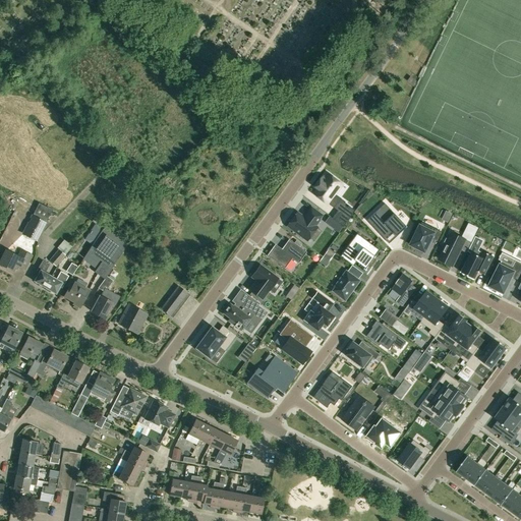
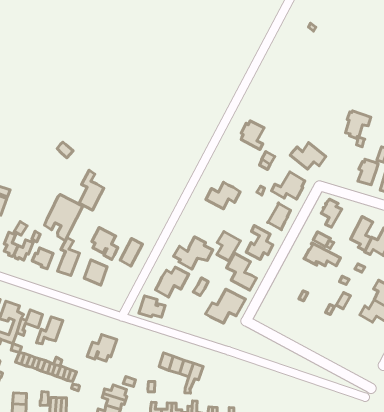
building: none -> [79,170,104,210]
building: [287,207,323,239] -> none
building: [411,221,442,252] -> [345,111,371,139]
building: [249,265,278,298] -> [217,232,241,261]
building: none -> [92,227,118,259]
building: [403,291,438,322] -> none
building: [346,342,381,368] -> none
building: [80,372,116,403] -> none
building: [313,374,350,407] -> none
building: [343,398,371,428] -> none
building: [144,400,175,426] -> [139,296,165,317]
building: [367,418,401,447] -> none
building: [399,439,431,467] -> none

